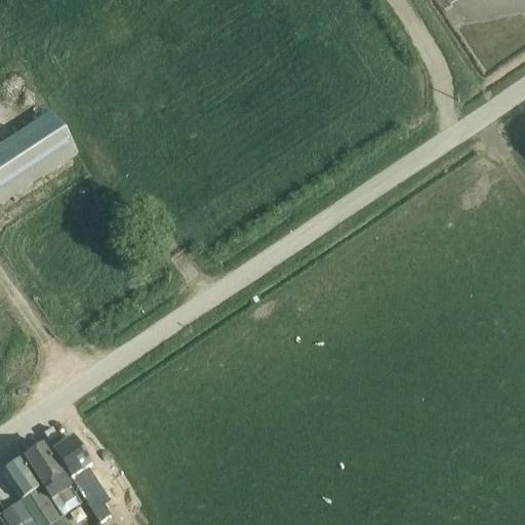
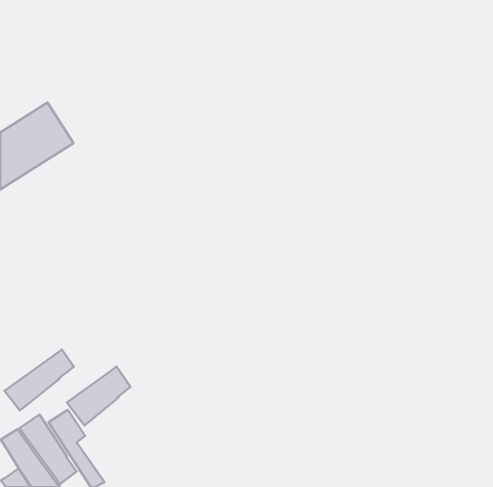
building: none -> [5,349,74,411]
building: none -> [67,367,131,426]

